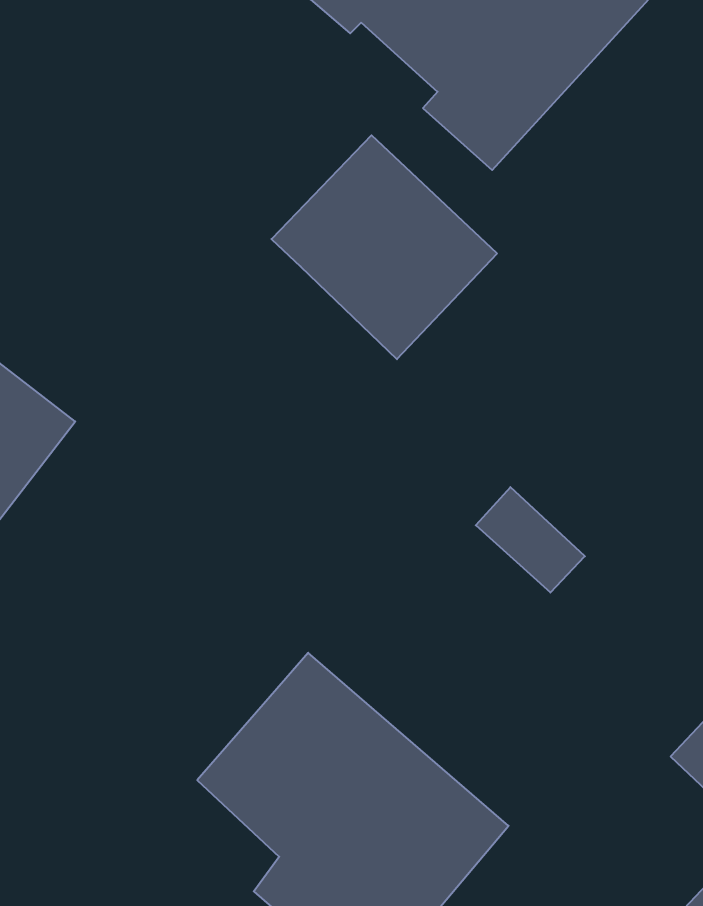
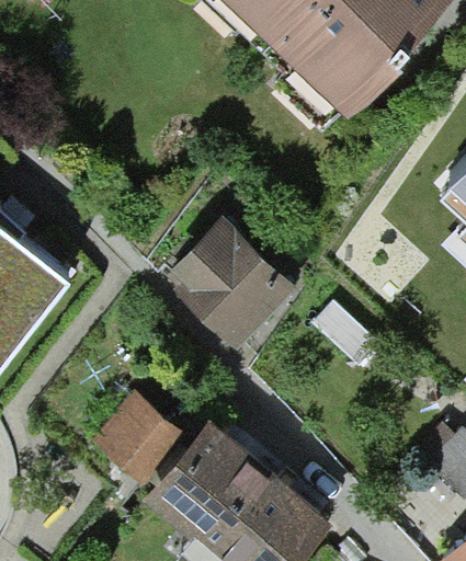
building: [271,135,497,359] -> [163,214,299,348]
building: none -> [94,391,189,483]

